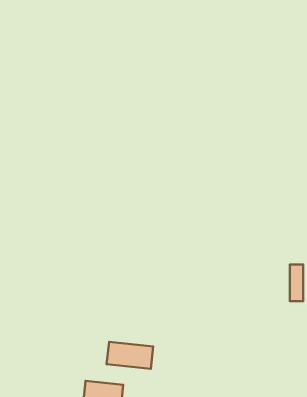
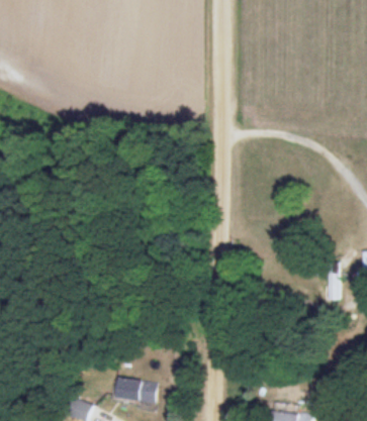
building: [107,342,153,369] -> none

